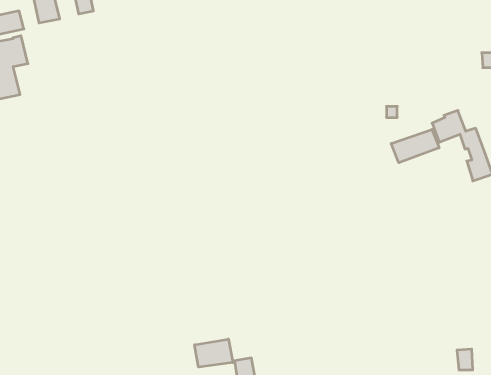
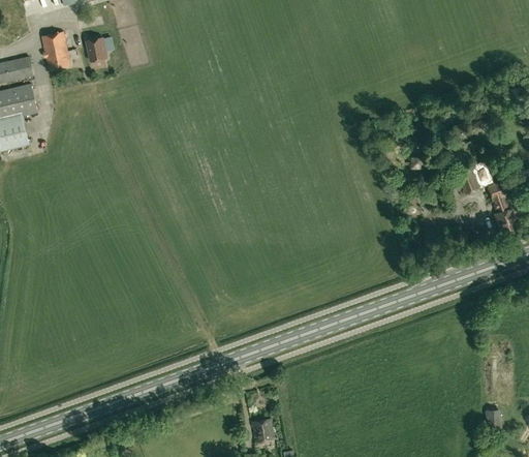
building: [391,129,439,163] -> none
building: [195,339,233,367] -> none

